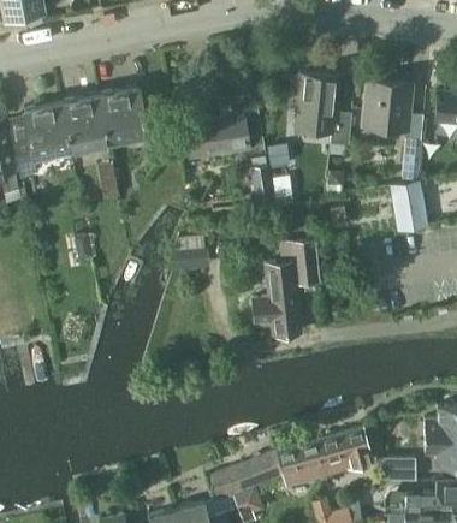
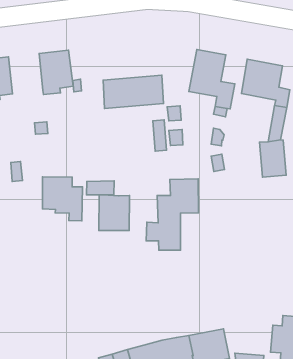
building: [61,95,108,155] -> none
building: none -> [42,177,82,221]
building: none -> [99,195,130,231]

